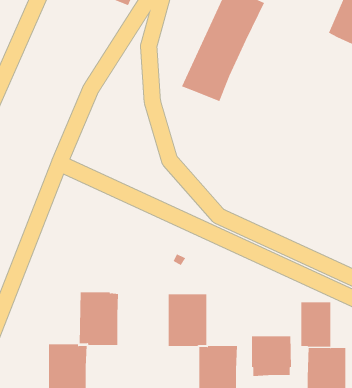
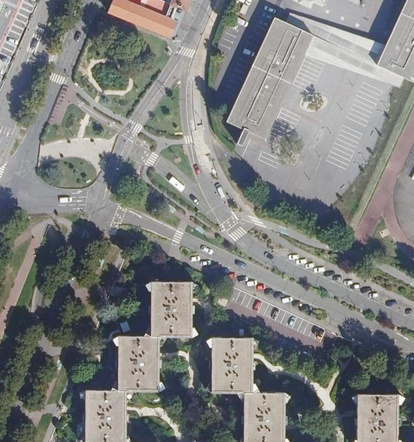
building: none -> [151,281,192,338]
building: [301,302,331,348] -> none
building: [251,336,292,377] -> none

